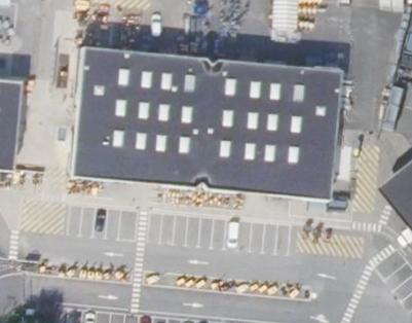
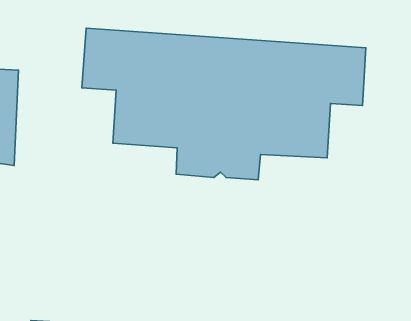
building: [72,104,164,184] -> none
building: [239,118,336,196] -> none

